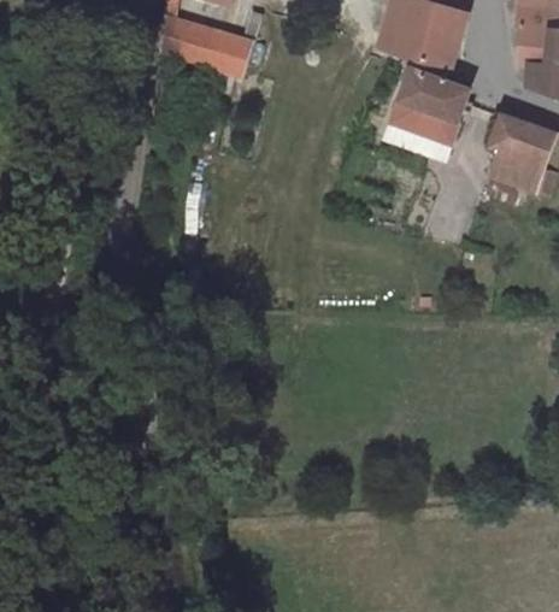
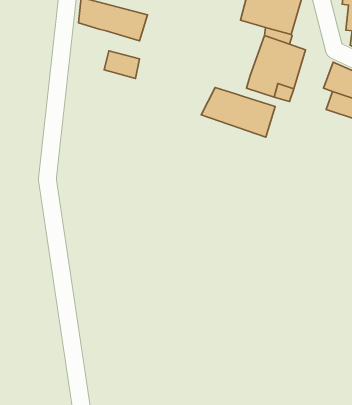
building: none -> [104,51,140,79]
building: none -> [201,87,275,137]

